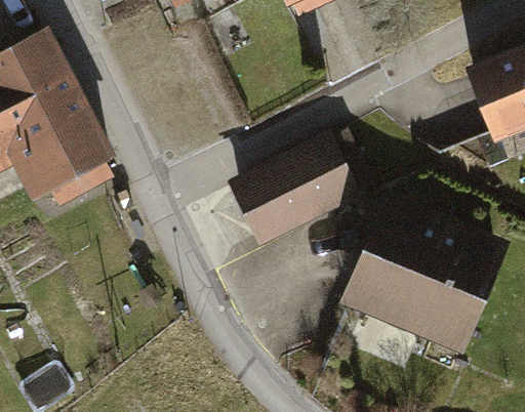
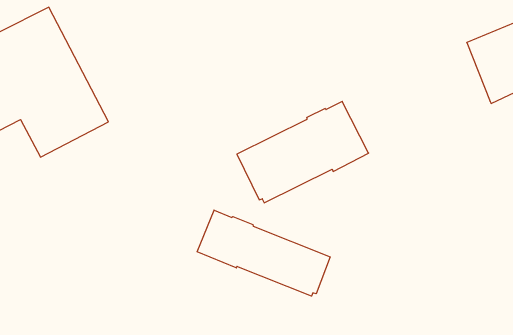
building: [350,212,496,353] -> none
building: none -> [197,210,330,296]

